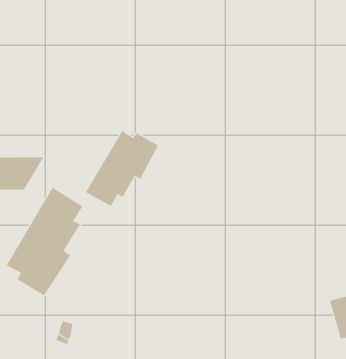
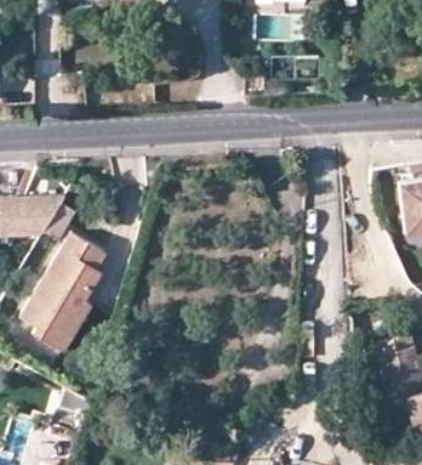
building: [85,130,159,207] -> none

